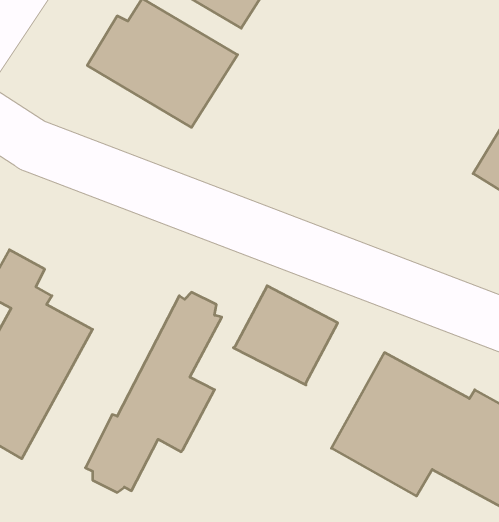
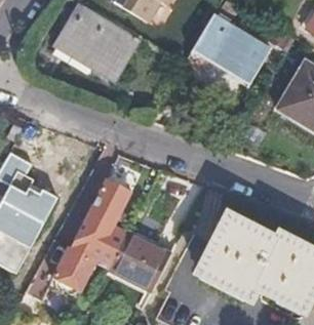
building: none -> [194,15,272,84]
building: [233,286,338,385] -> [109,234,169,291]

